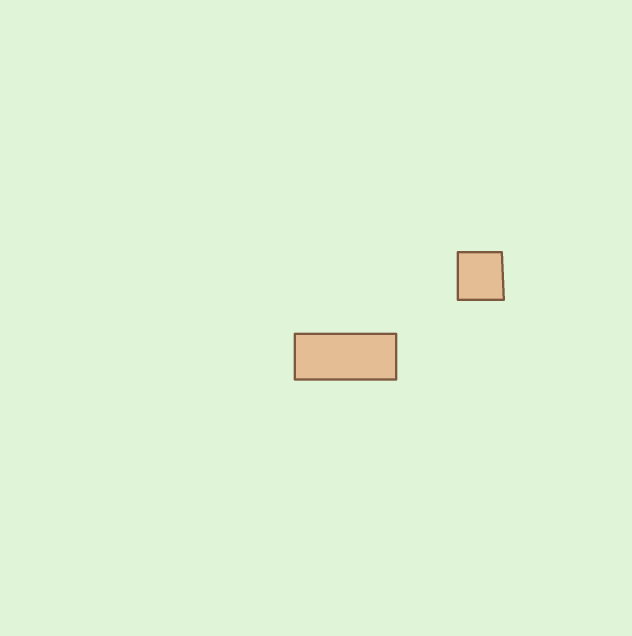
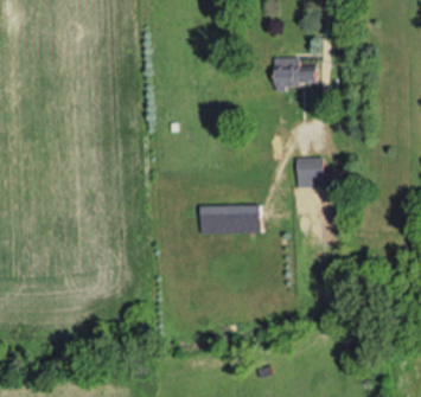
building: none -> [272,58,315,85]

